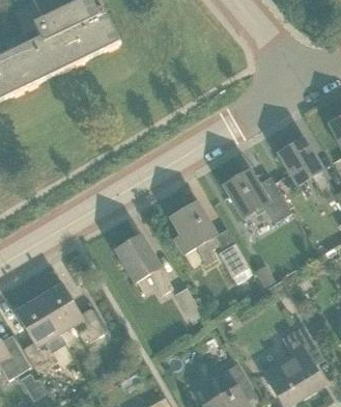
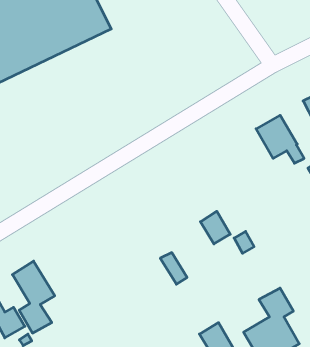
building: [224,168,290,220] -> none
building: [170,200,219,263] -> none
building: [115,234,173,293] -> none
building: [37,281,105,345] -> none

